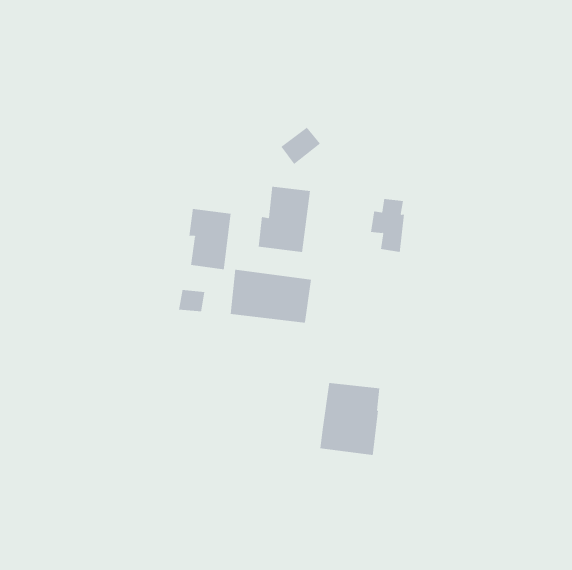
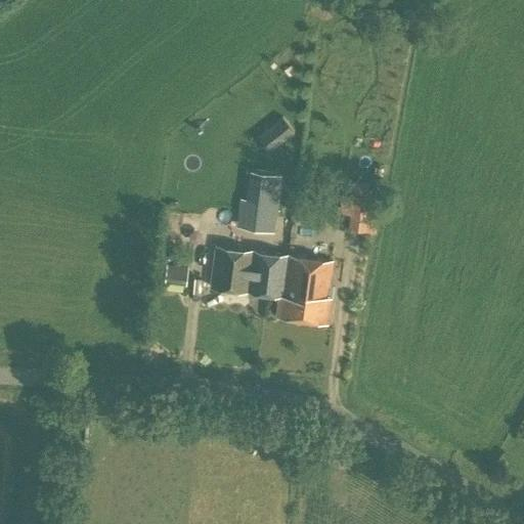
building: [189,208,231,270] -> none
building: [320,382,380,455] -> [276,258,332,324]

